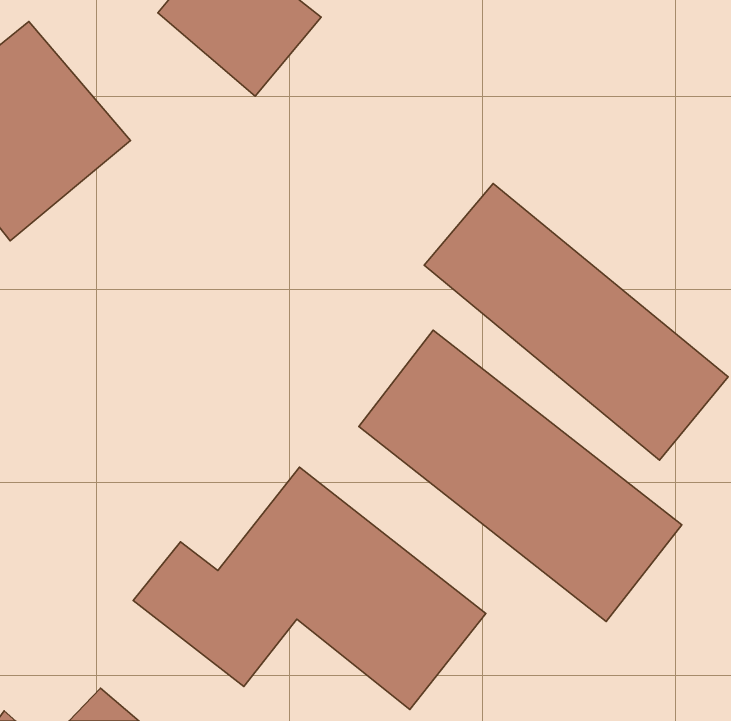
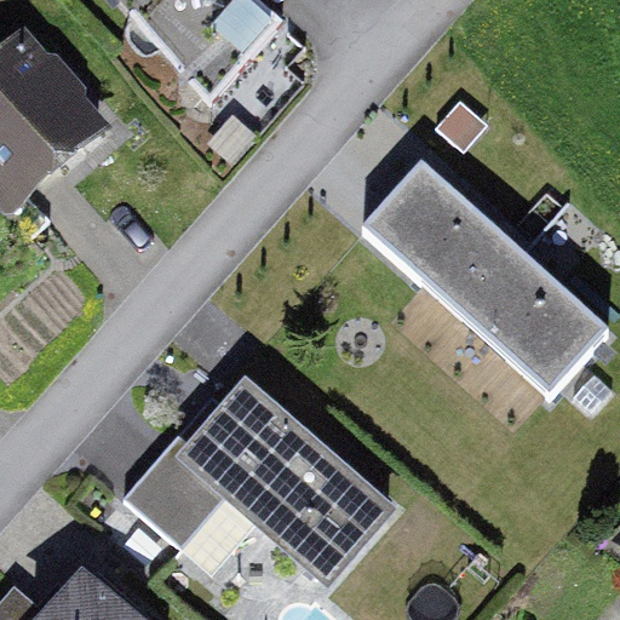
building: [359,330,682,622] -> none

